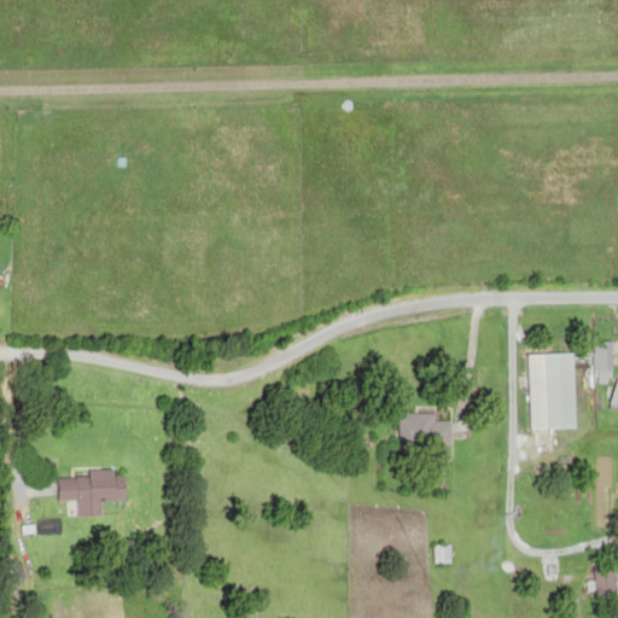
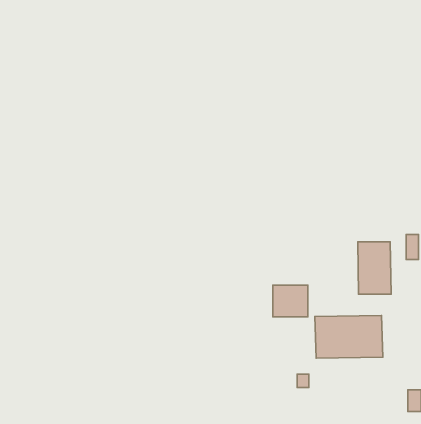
building: none -> [315,316,383,358]
building: [60,471,128,517] -> none

